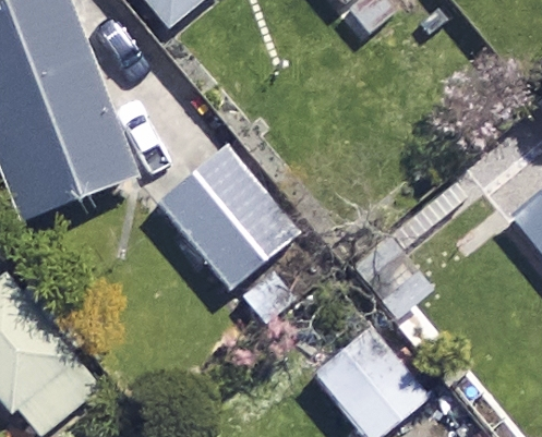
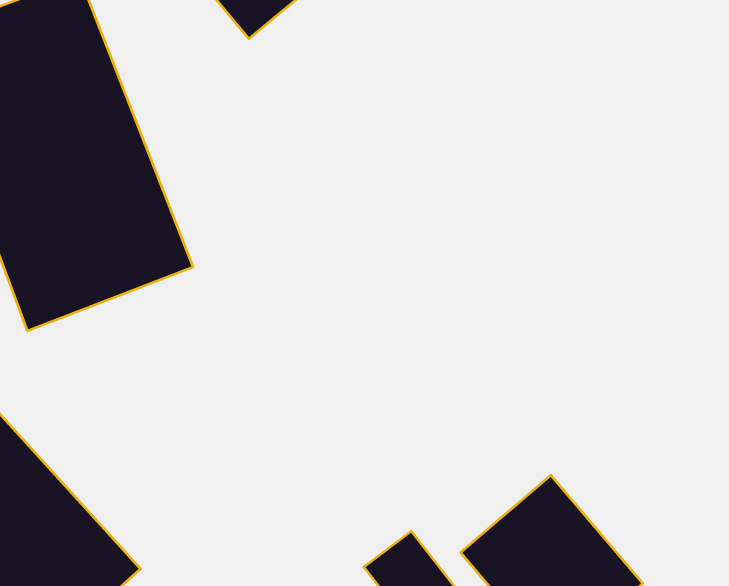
building: [159,144,302,289] -> none

